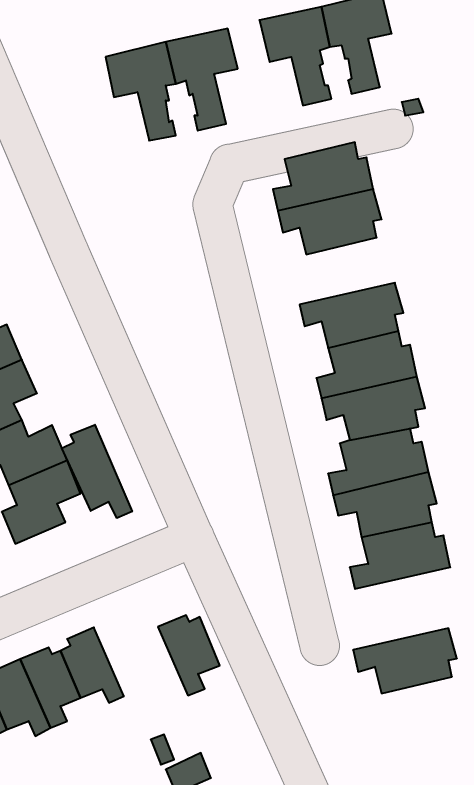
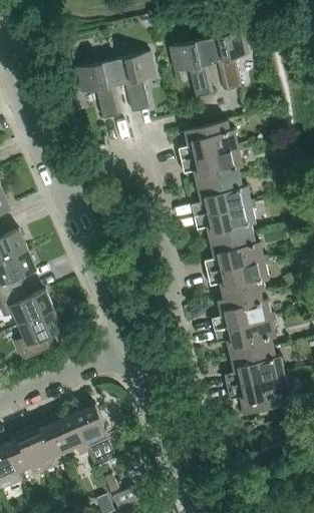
building: none -> [191,177,251,217]
building: [62,425,132,518] -> none
building: [158,615,220,695] -> [70,404,107,452]
building: [353,628,457,693] -> [227,375,289,414]

